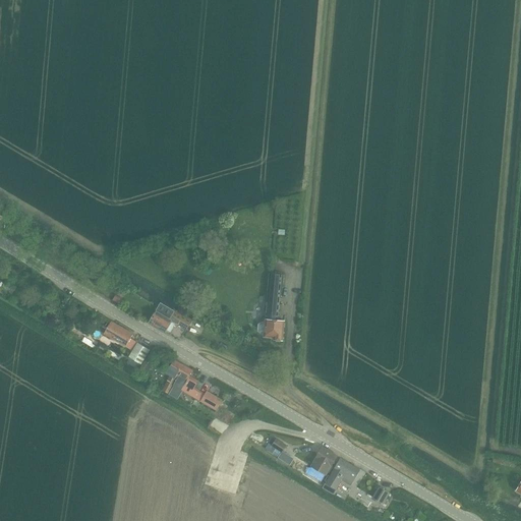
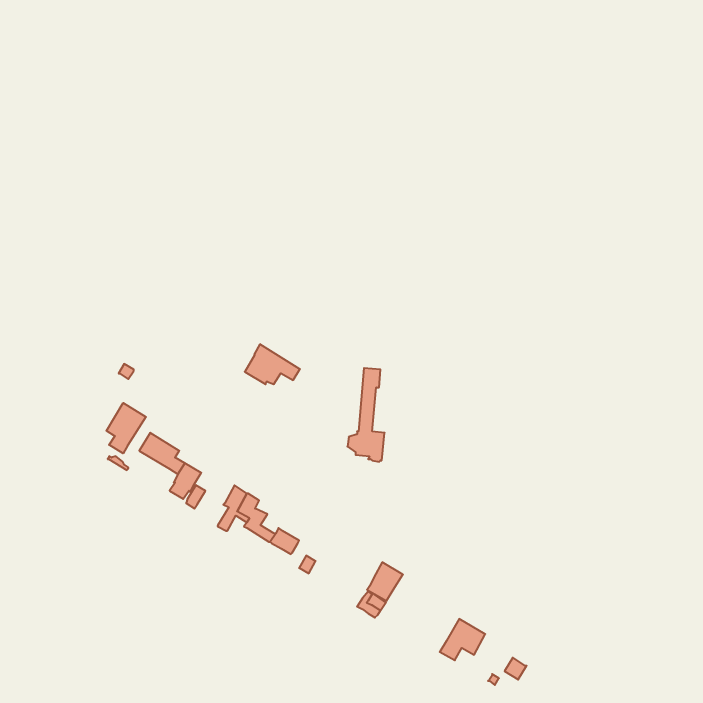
building: none -> [106,403,146,453]
building: [149,301,189,331] -> [245,344,300,384]
building: [310,445,337,473] -> [367,562,403,601]

